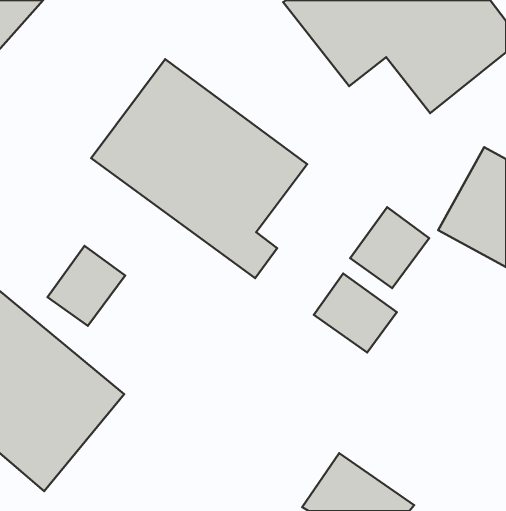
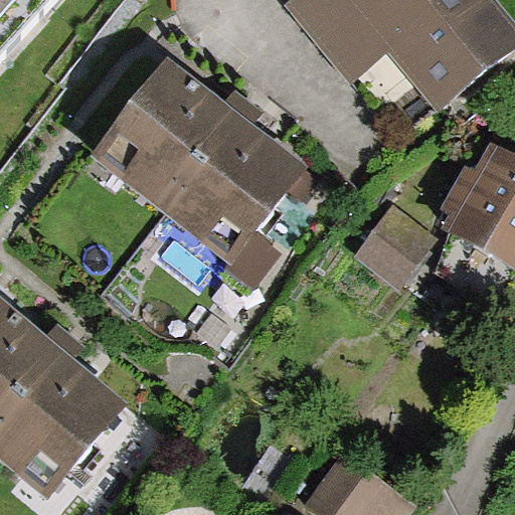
building: [48,246,125,326] -> none
building: [314,273,397,353] -> none

